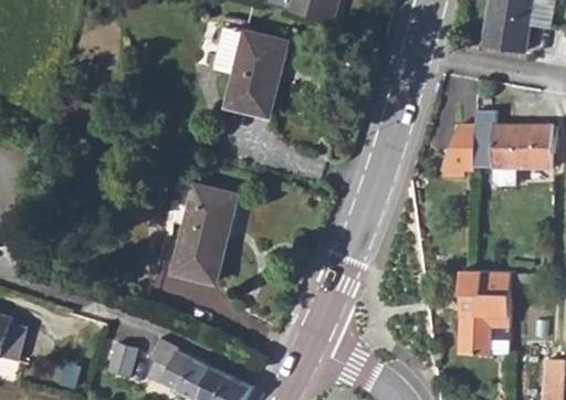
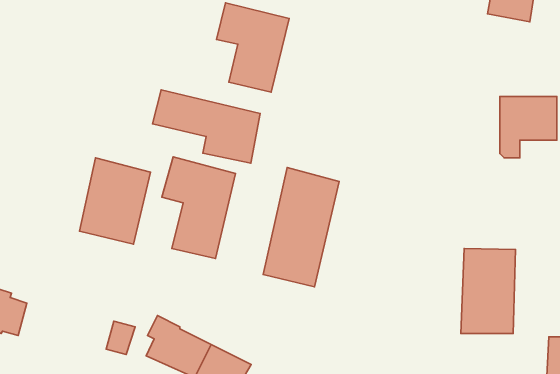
building: none -> [153,90,260,163]
building: [444,126,478,169] -> none
building: none -> [79,158,150,244]
building: none -> [263,167,339,287]

